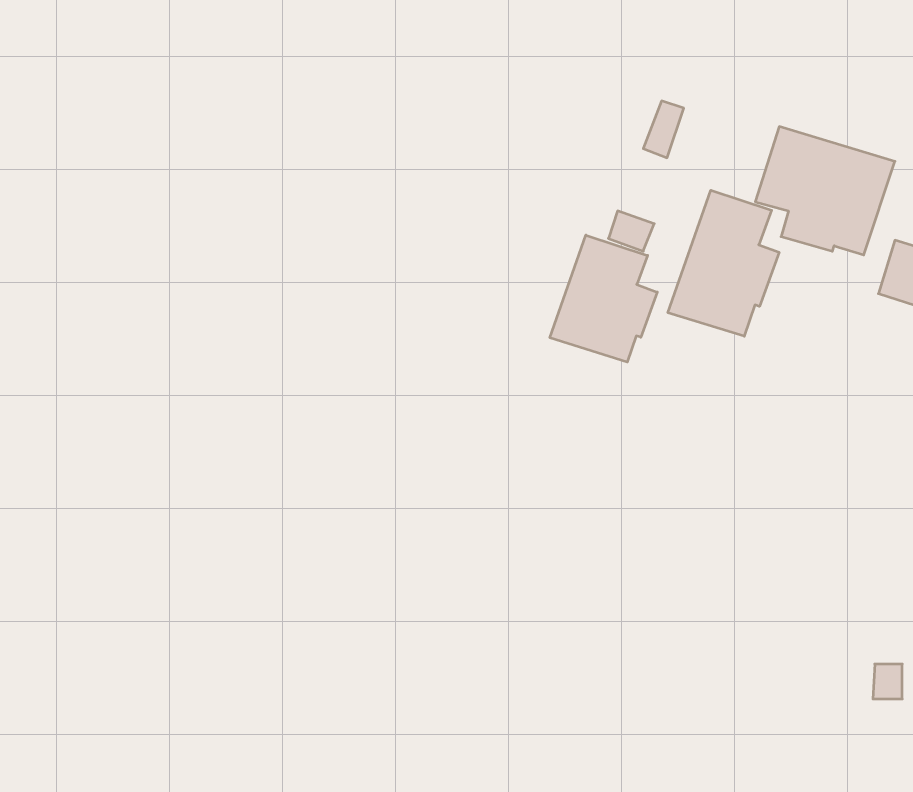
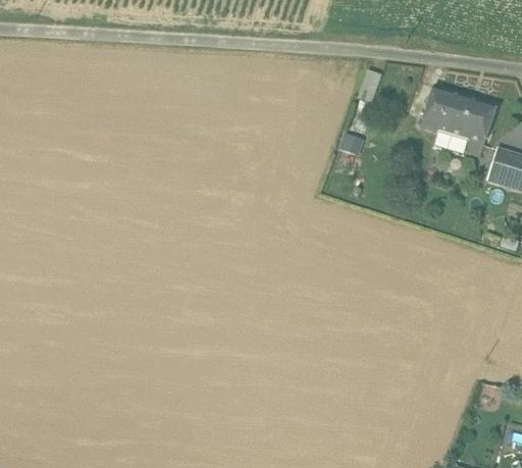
building: [668,190,779,336] -> none
building: [550,235,657,362] -> none

